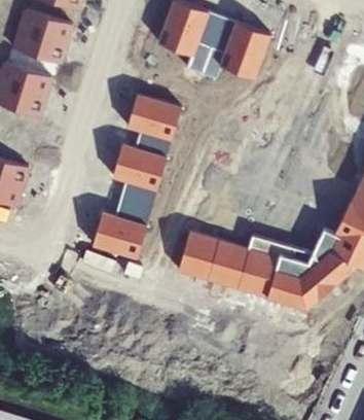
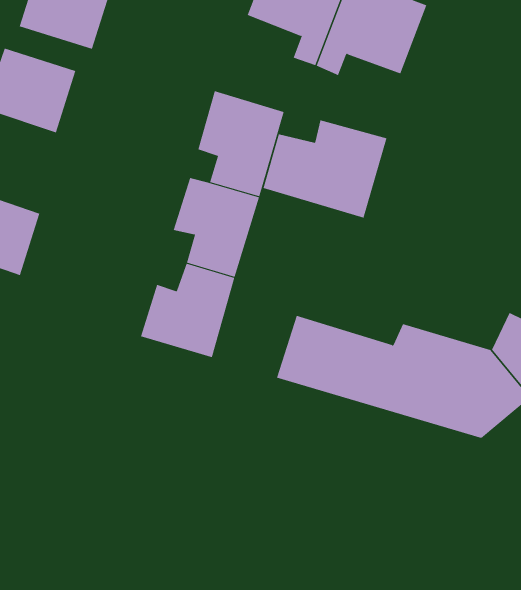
building: none -> [263,120,387,219]

